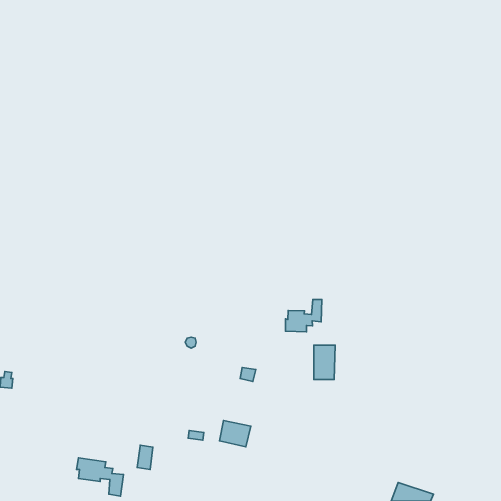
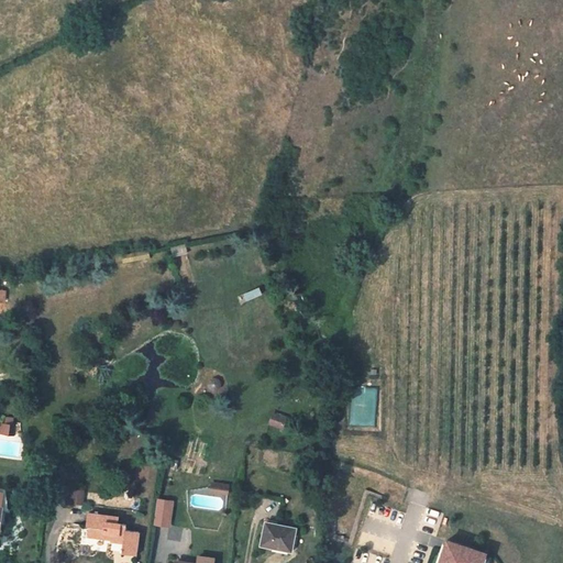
building: [286,300,322,332] -> none
building: [219,420,251,447] -> [261,522,296,552]

